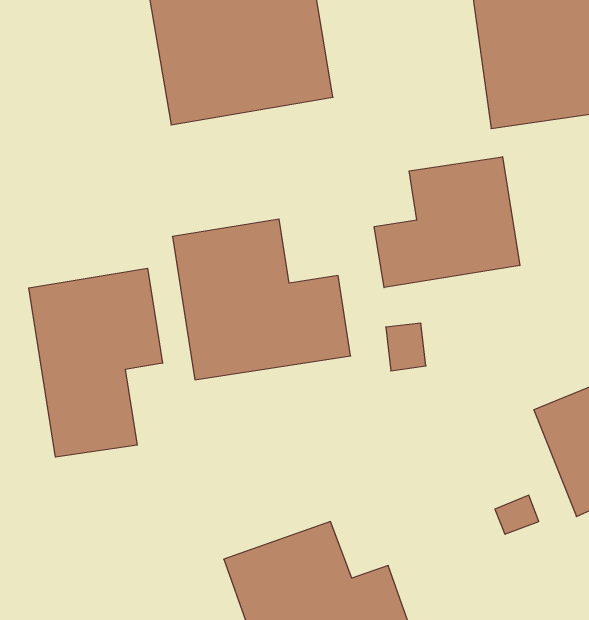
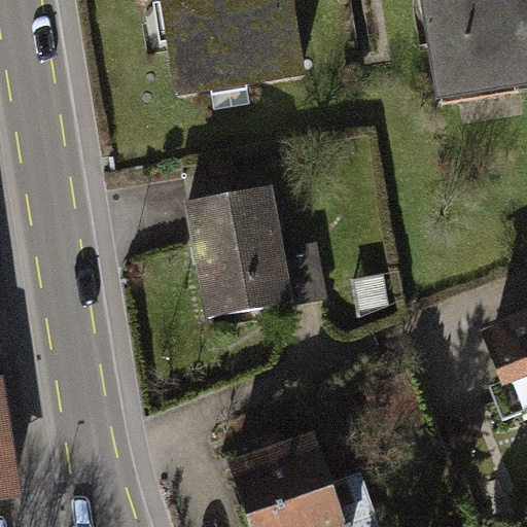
building: [374,157,520,288] -> none
building: [29,268,163,457] -> none

